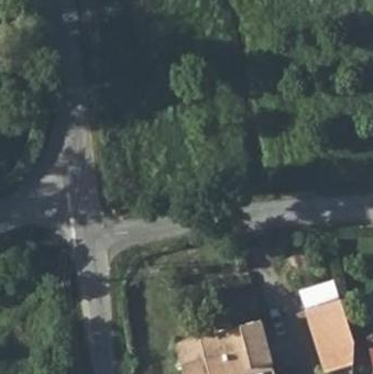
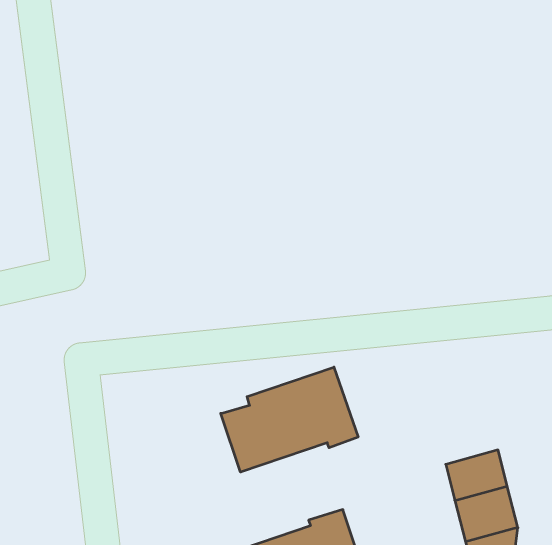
building: none -> [221,367,358,472]

